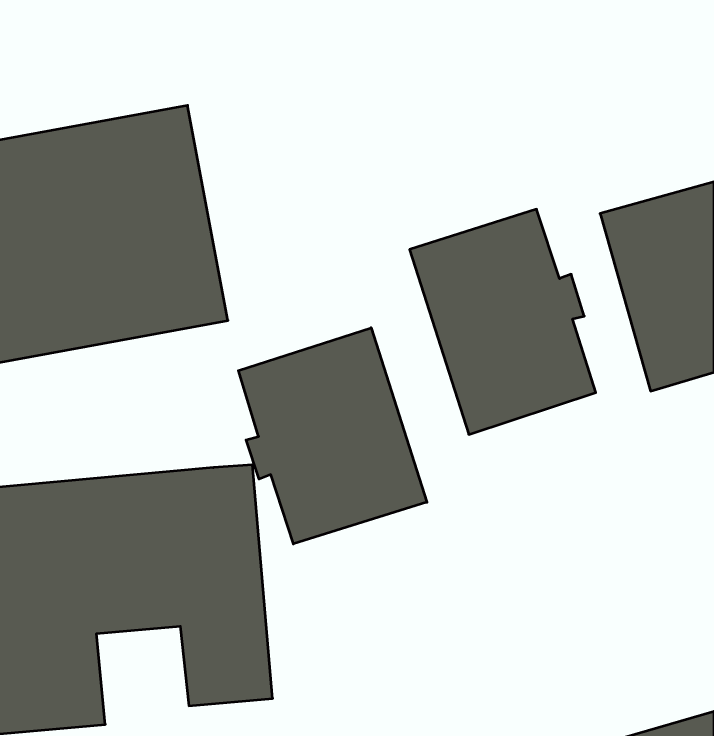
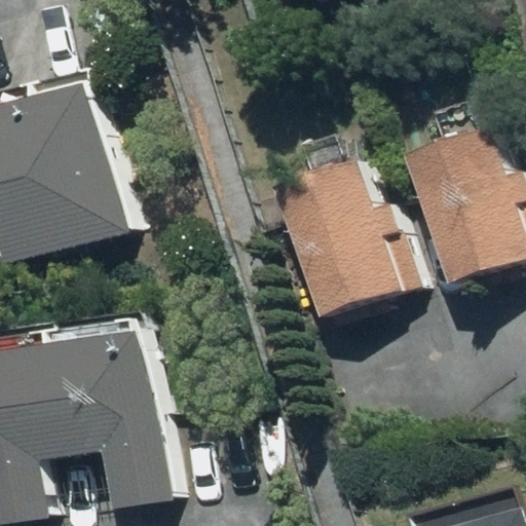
building: [238,328,427,544] -> none

